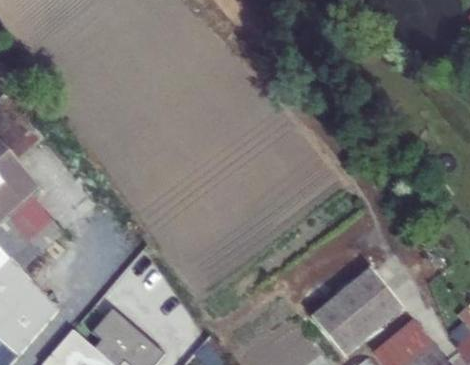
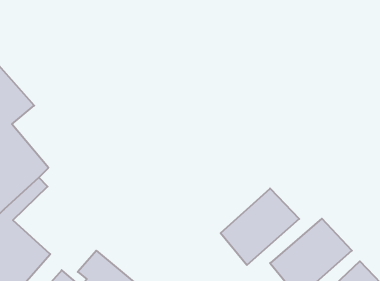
building: none -> [221,188,299,265]

